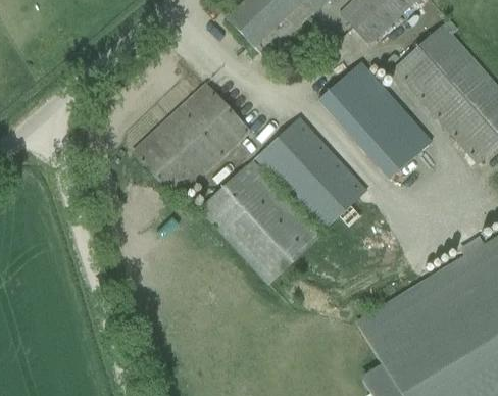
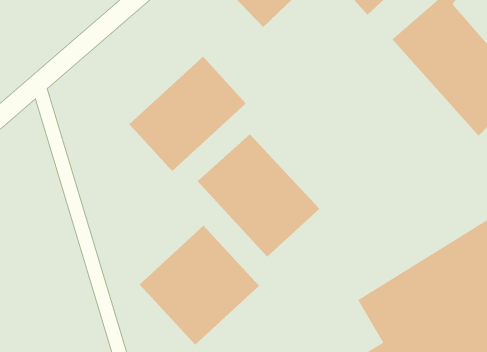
building: [318,60,432,179] -> none
building: [256,117,366,230] -> none
building: none -> [139,225,260,346]

